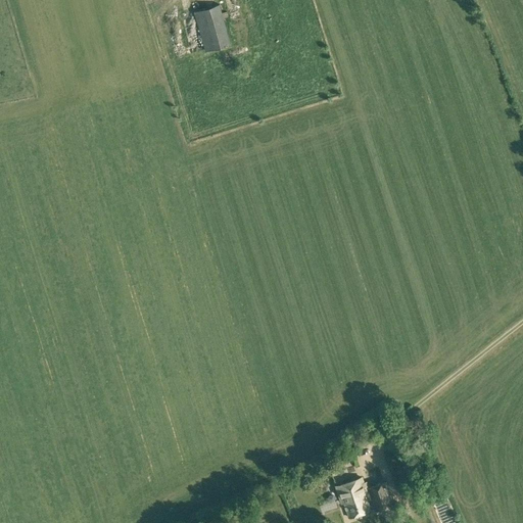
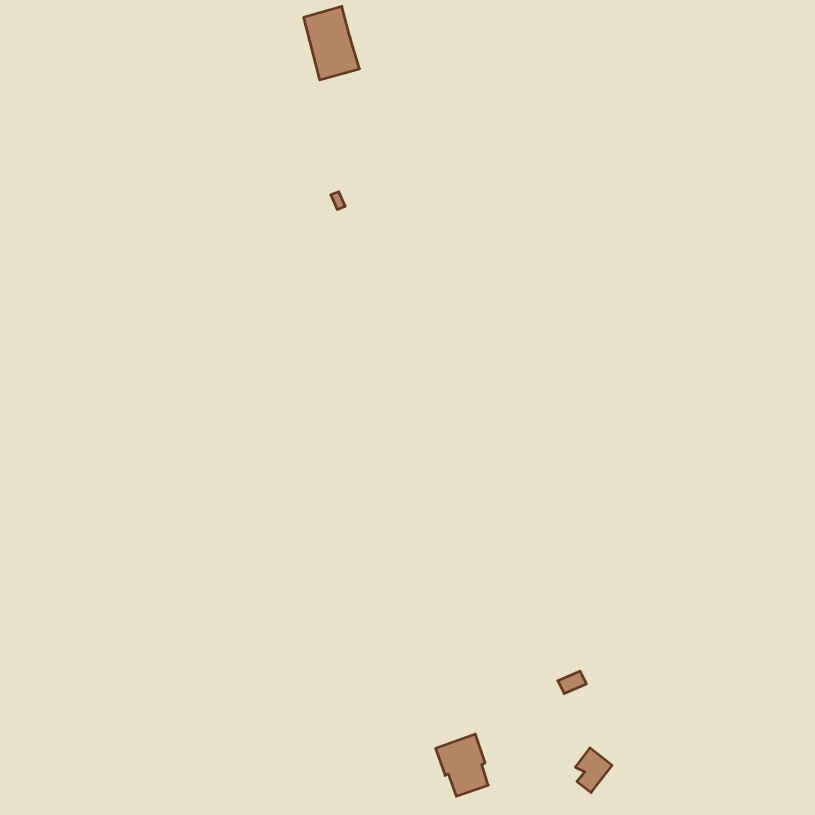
building: [335,478,369,518] -> [436,734,488,796]

